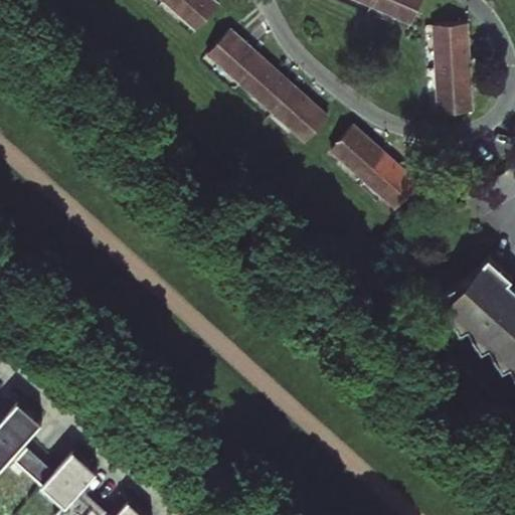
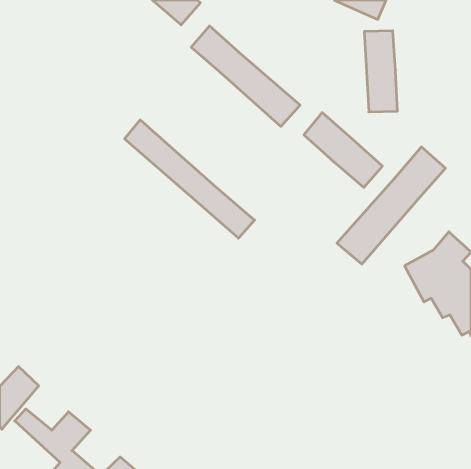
building: [435,24,471,113] -> [364,31,397,112]
building: none -> [125,120,255,238]
building: none -> [337,147,445,264]

